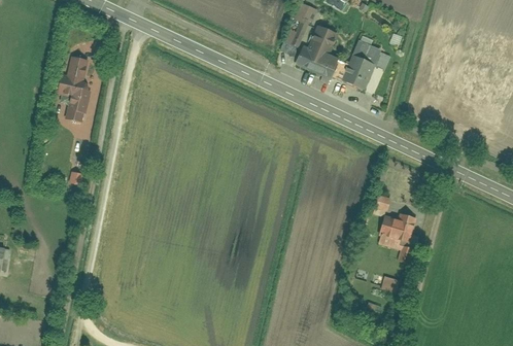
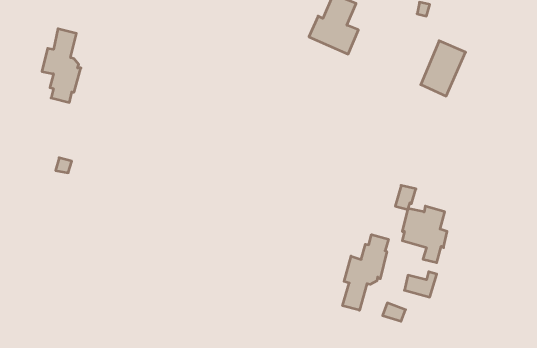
building: [342,40,382,90] -> [421,41,466,96]
building: none -> [343,235,388,310]

